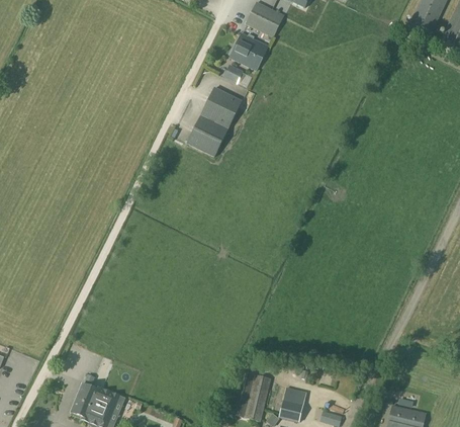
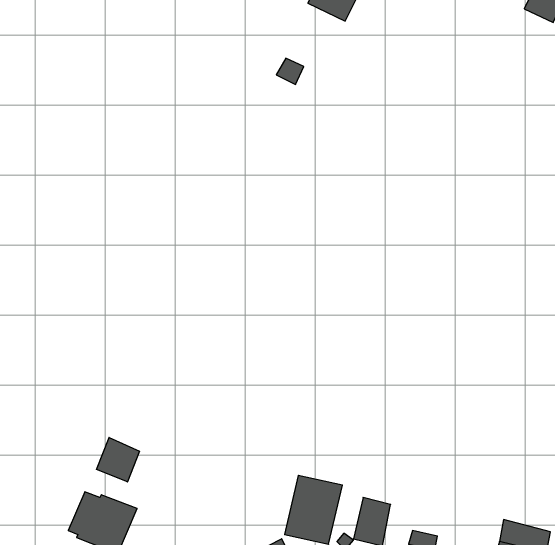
building: [231,32,270,70] -> none
building: [188,87,243,156] -> none
building: none -> [96,437,139,482]

